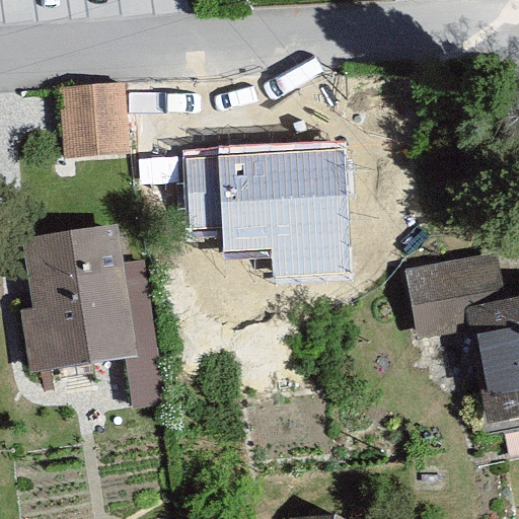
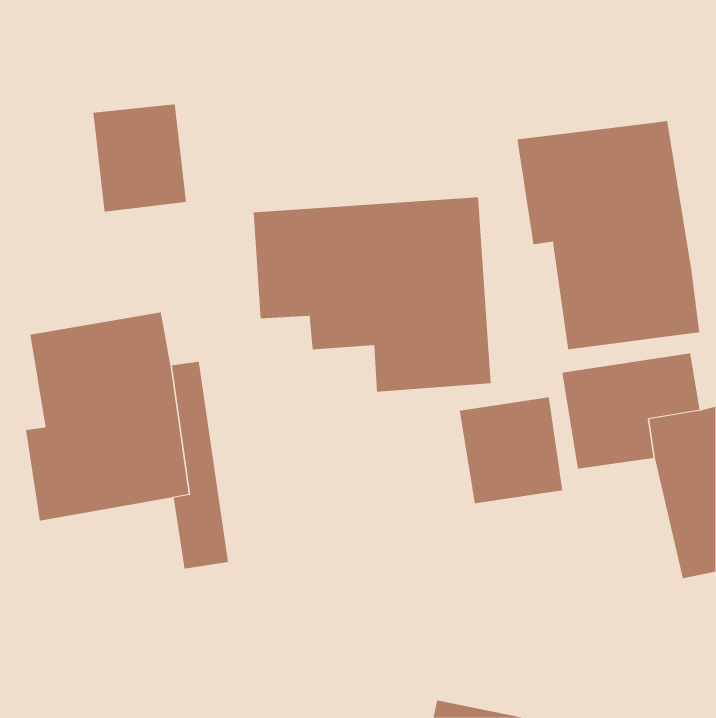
building: none -> [517,120,700,350]
building: none -> [459,397,563,504]

